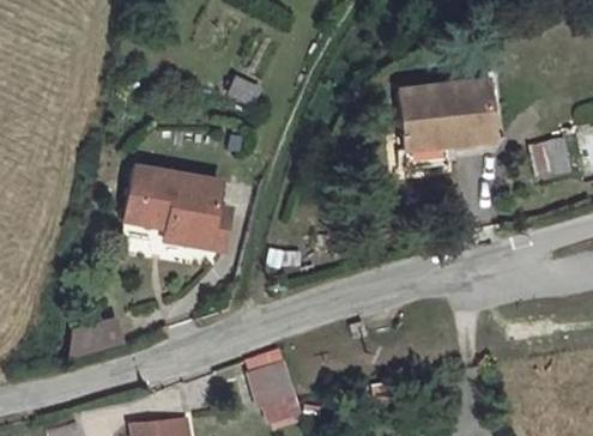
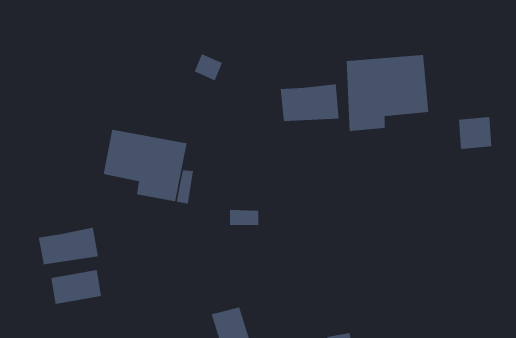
building: none -> [280,83,339,122]
building: none -> [38,227,99,265]

